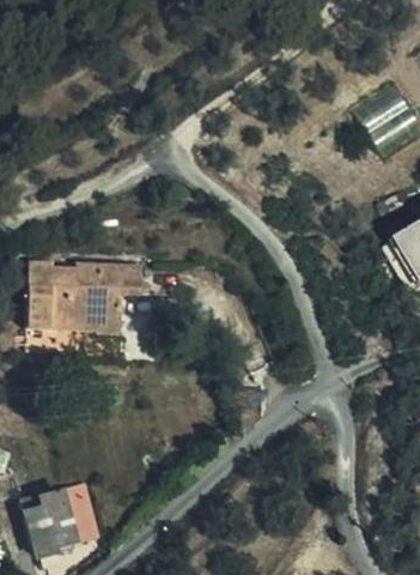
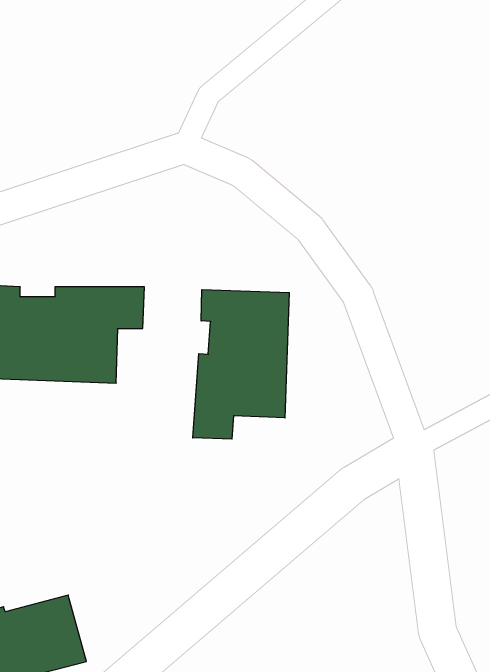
building: none -> [193,290,289,439]

